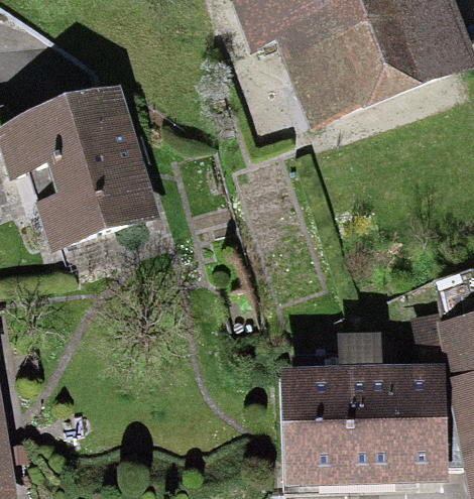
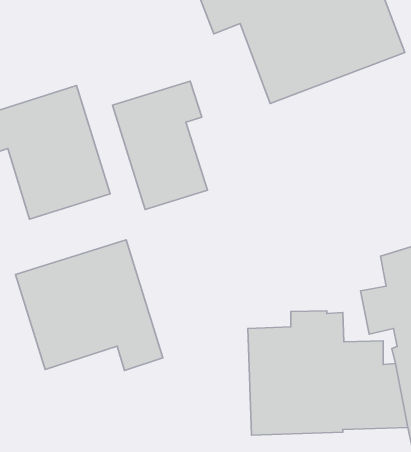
building: none -> [112,81,207,210]
building: none -> [15,240,163,370]

